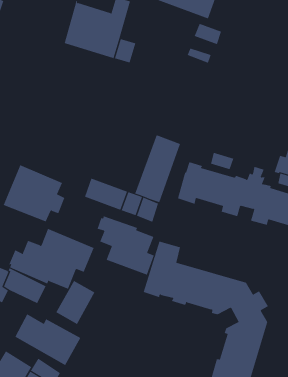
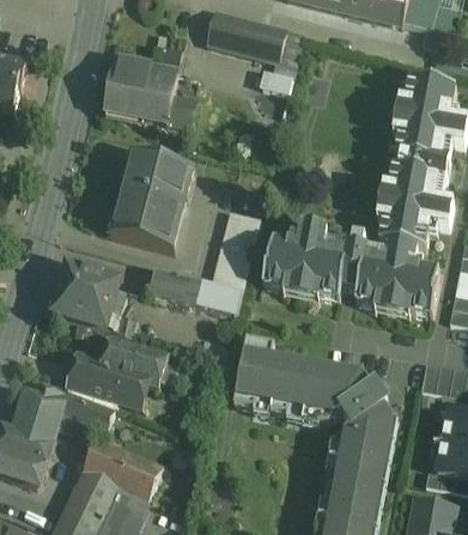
building: none -> [109,152,194,249]
building: [97,215,154,275] -> none
building: [56,280,95,325] -> none
building: none -> [72,473,115,507]

